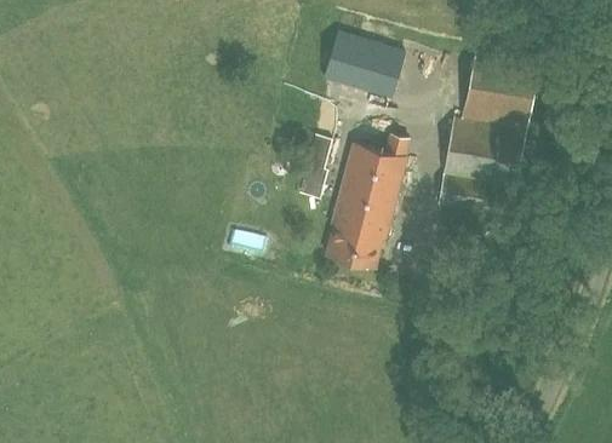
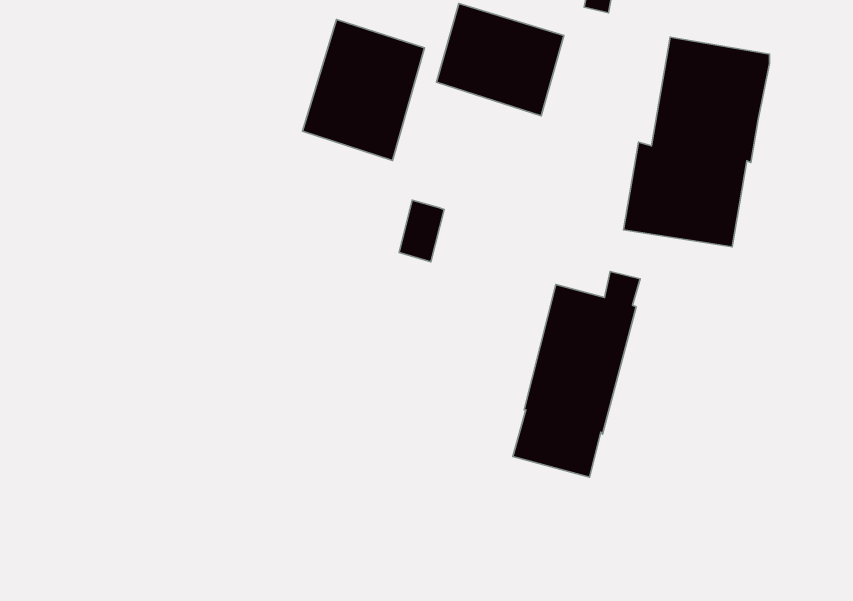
building: none -> [303,20,425,161]
building: [326,134,408,267] -> [513,271,640,477]

